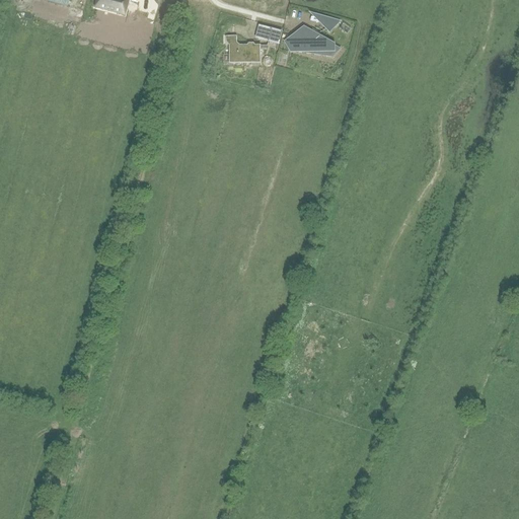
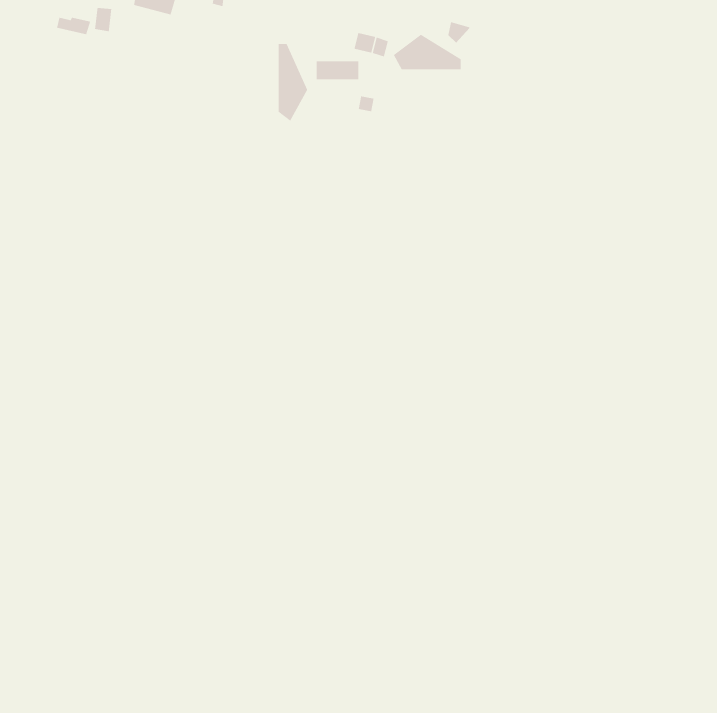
building: none -> [278,43,308,122]

